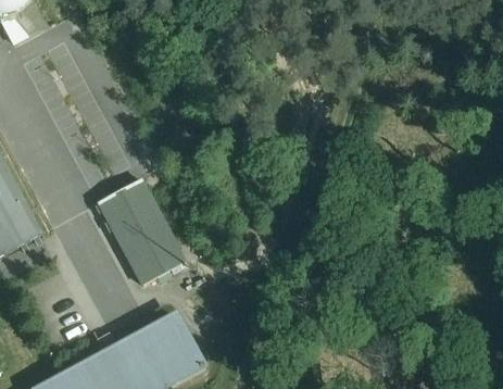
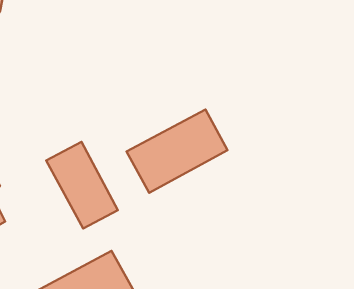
building: none -> [126,109,227,193]

